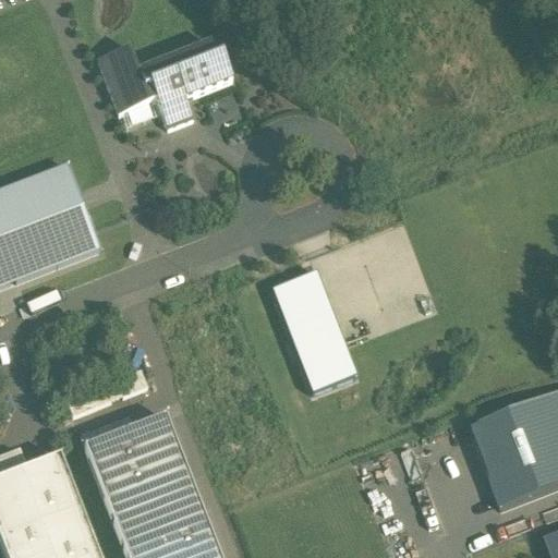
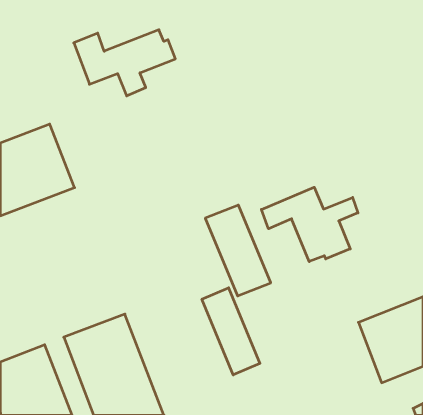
building: none -> [261,187,358,262]
building: none -> [202,288,260,375]

